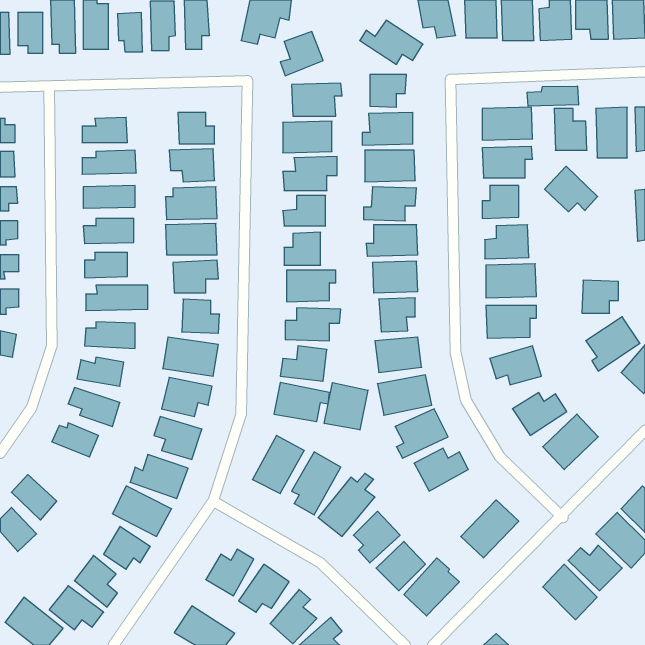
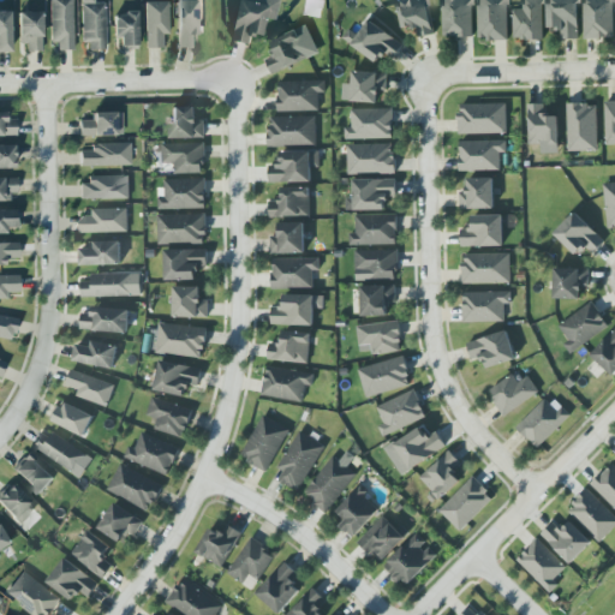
building: [527,86,578,106] -> none
building: [545,166,598,212] -> [554,211,604,255]
building: [324,383,368,430] -> none
building: none -> [31,431,94,477]
building: none -> [419,449,461,498]

